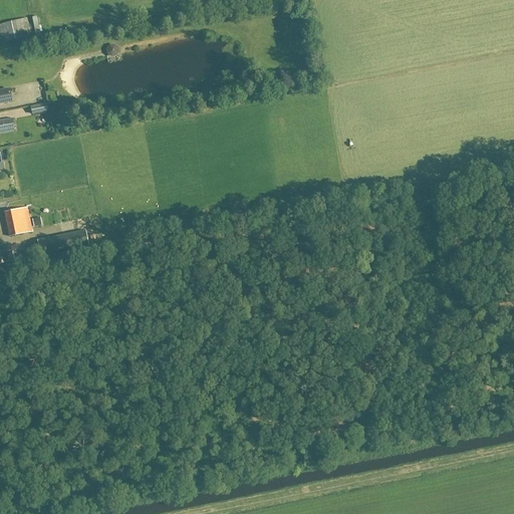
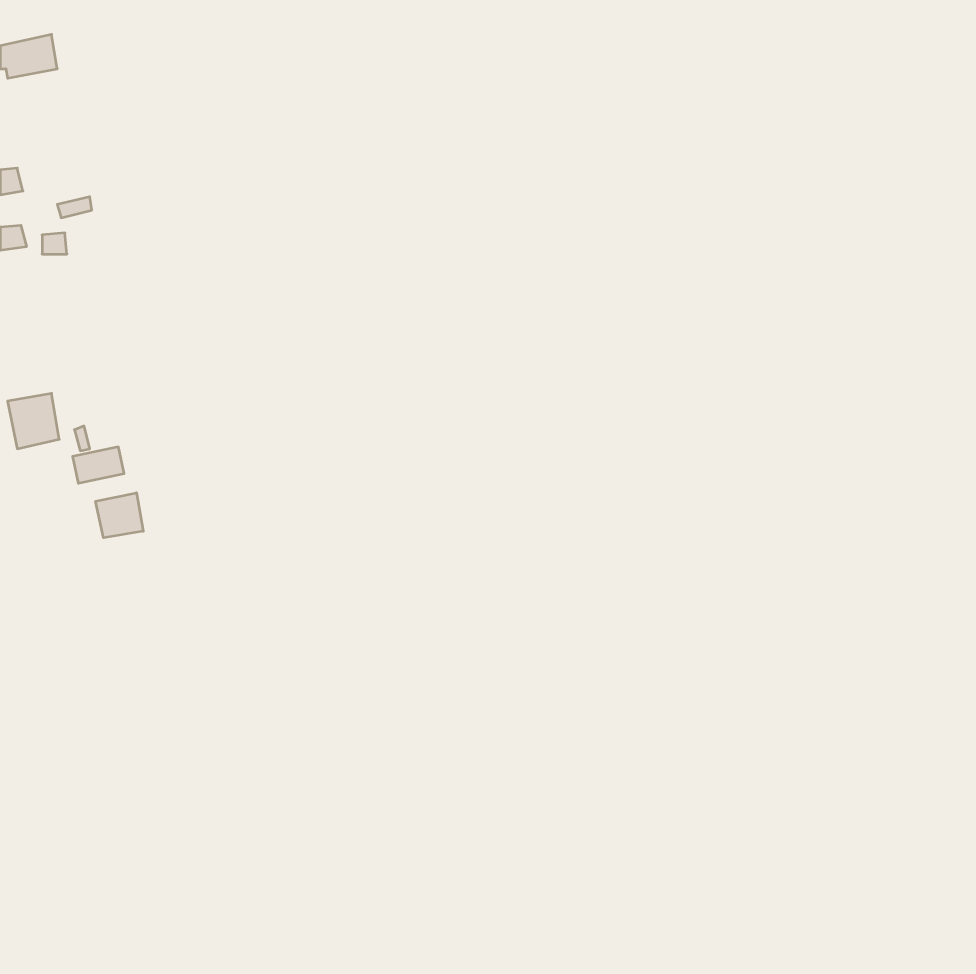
building: none -> [96,493,143,538]

